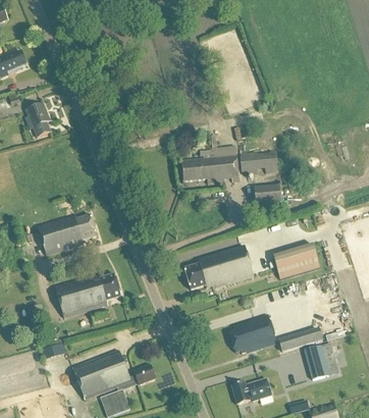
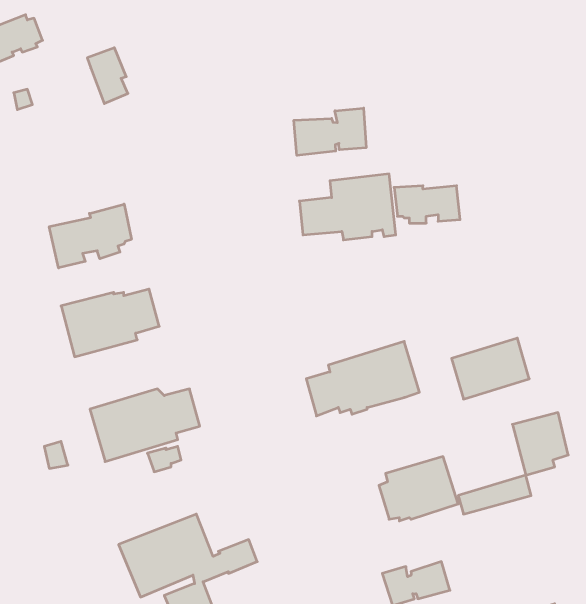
building: [27,103,51,137] -> [87,48,128,104]
building: none -> [294,108,366,155]
building: none -> [49,204,131,268]
building: [257,185,283,207] -> none
building: [304,342,337,379] -> [512,413,568,475]

